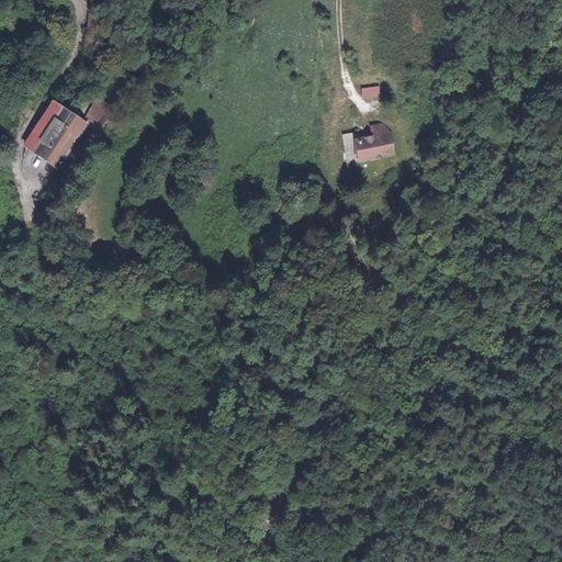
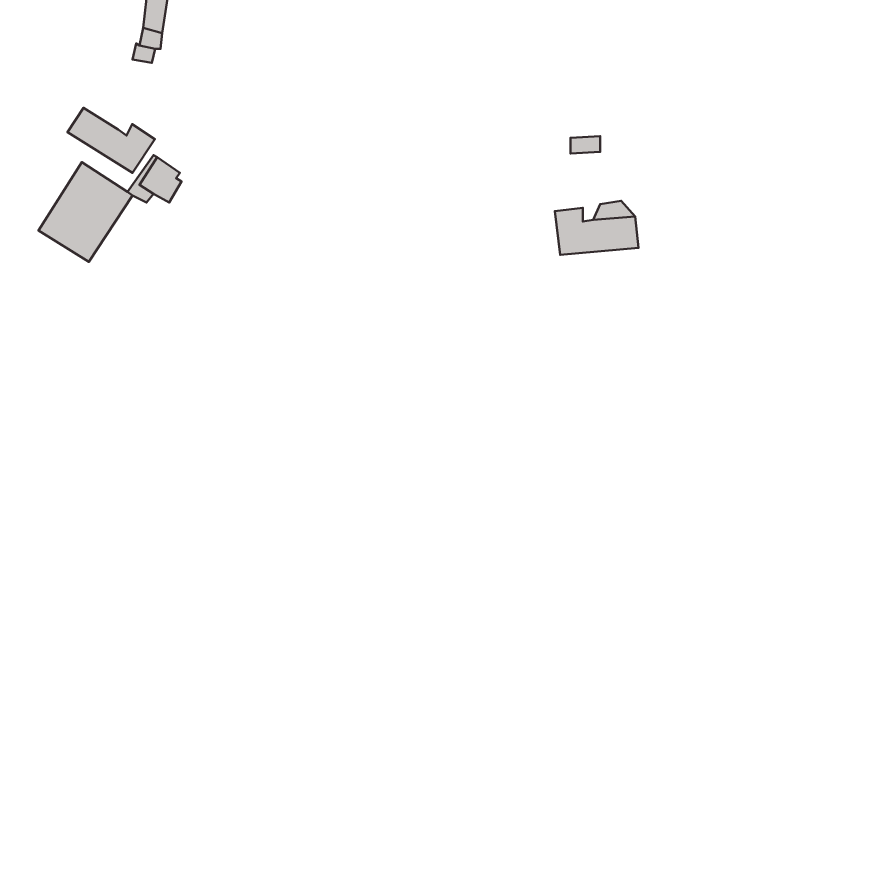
building: none -> [68,108,155,173]

